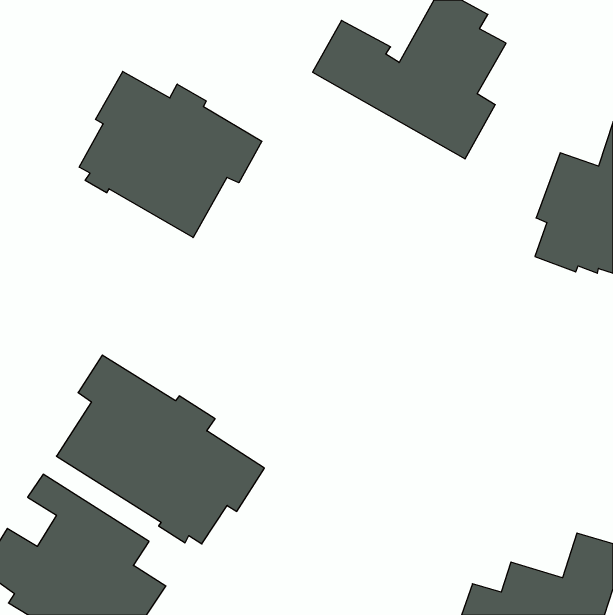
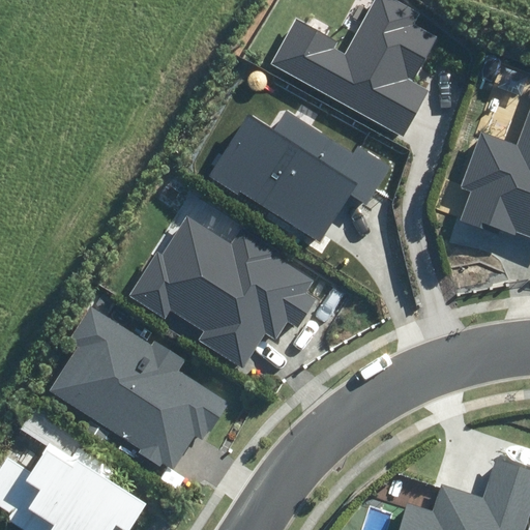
building: [79,71,262,238] -> none
building: none -> [208,109,389,242]
building: none -> [129,214,316,367]

